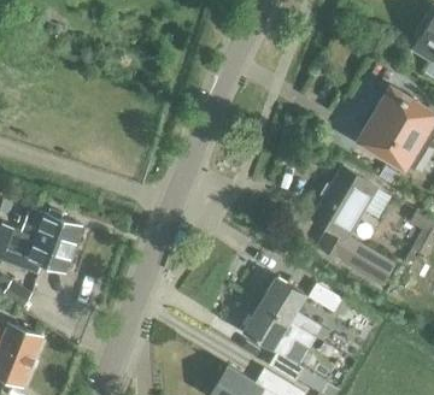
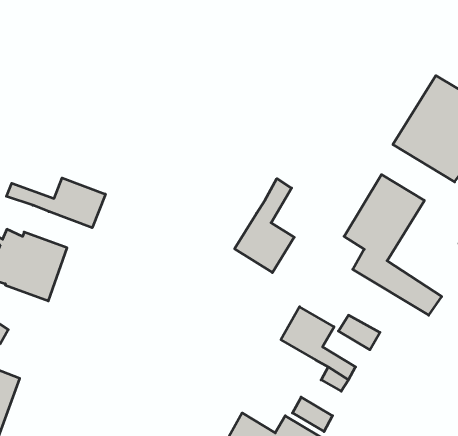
building: none -> [6,178,105,228]
building: none -> [235,179,294,273]
building: [244,305,288,348] -> none

